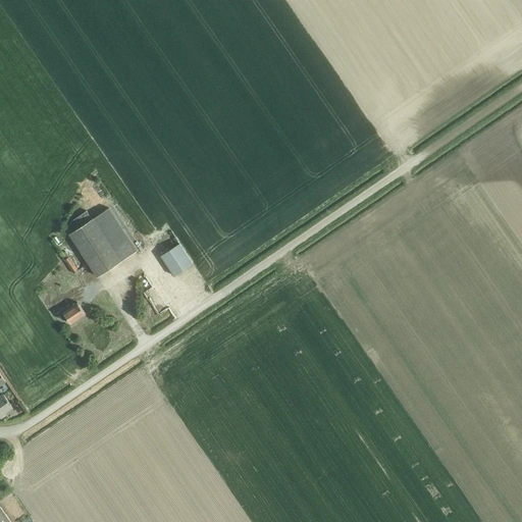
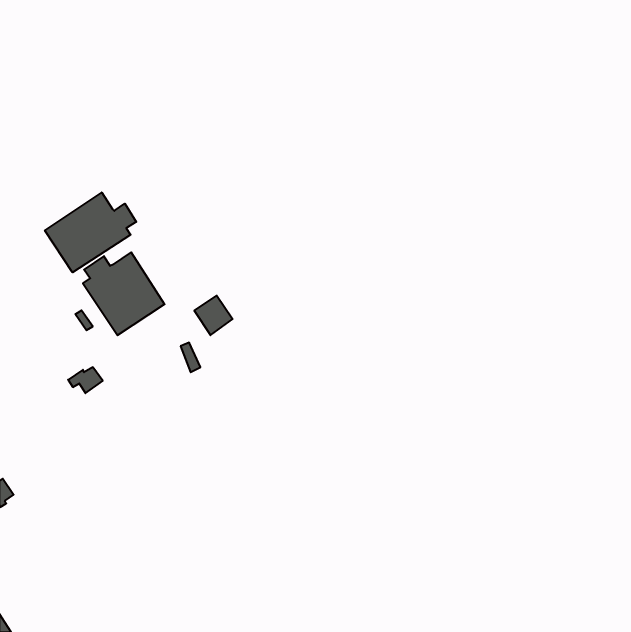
building: none -> [45,192,136,272]

